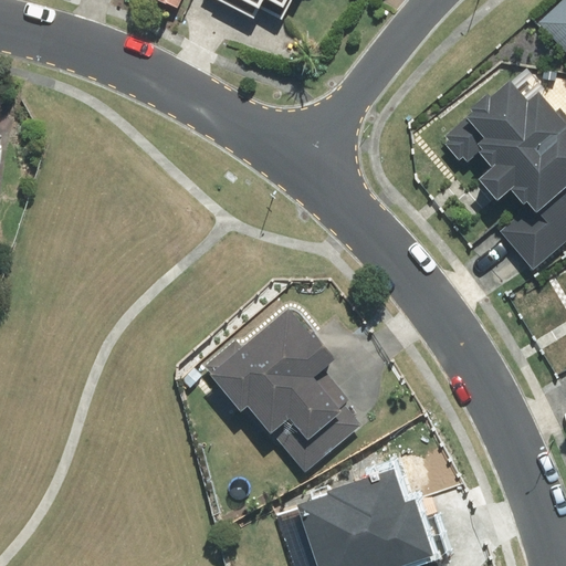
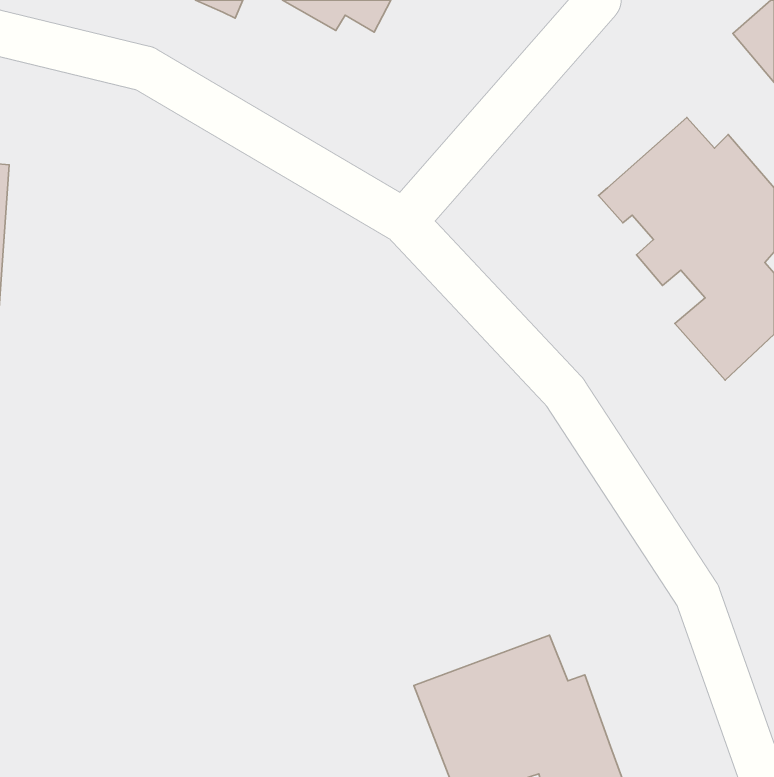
building: [205,303,358,473] -> none

